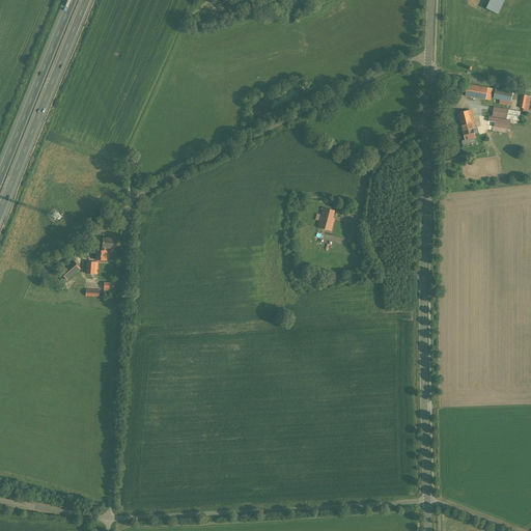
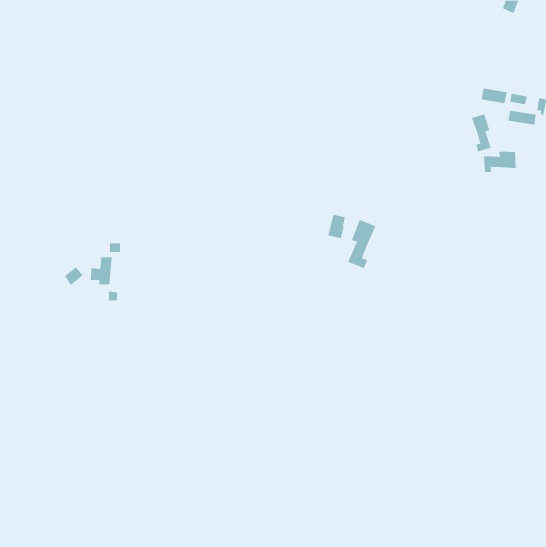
building: none -> [483,151,516,173]
building: none -> [348,219,376,269]

